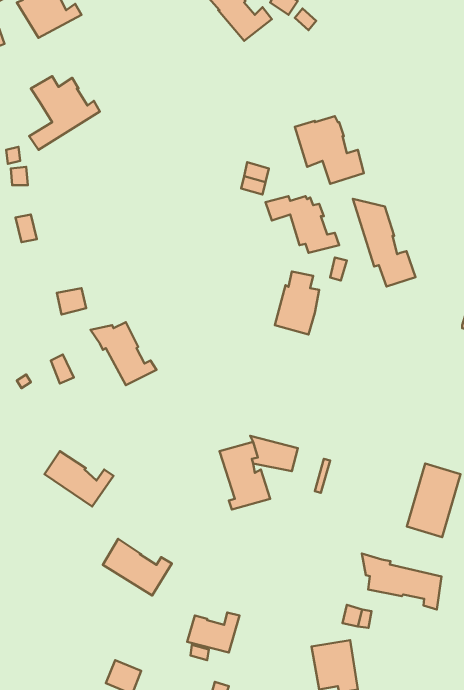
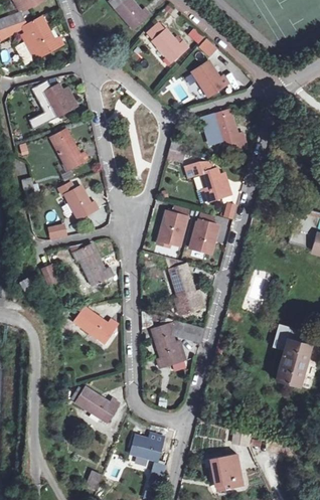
building: none -> [192,62,226,95]
building: none -> [50,131,88,171]
building: [353,199,416,287] -> [165,257,206,314]
building: none -> [64,186,99,220]
building: none -> [158,204,190,244]
building: [44,451,114,507] -> [73,307,119,343]
building: [362,553,441,609] -> none

